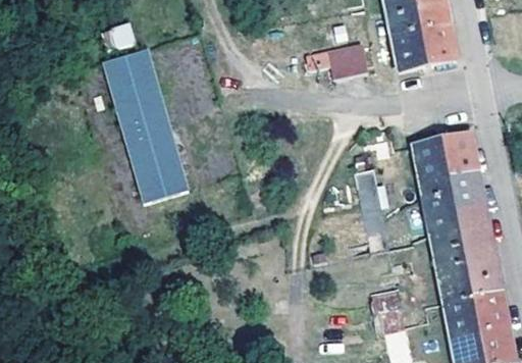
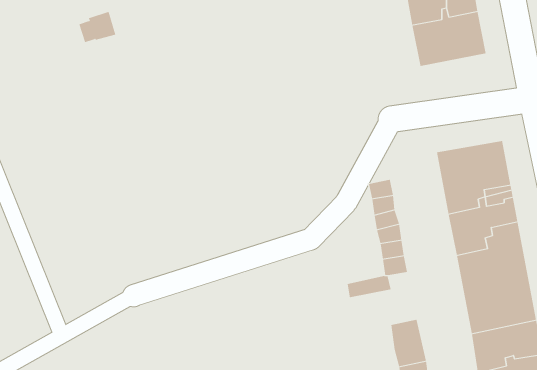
building: [325,42,366,76] -> none
building: [100,46,186,201] -> none

